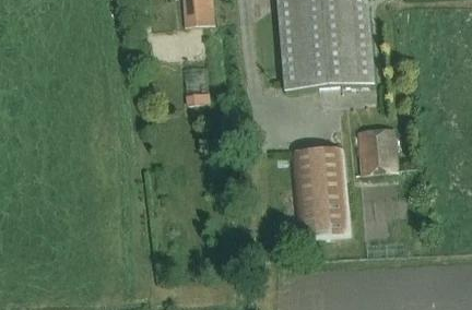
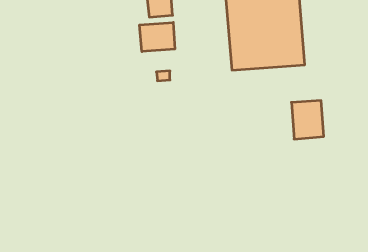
building: none -> [140,22,175,52]
building: [290,143,350,237] -> none

